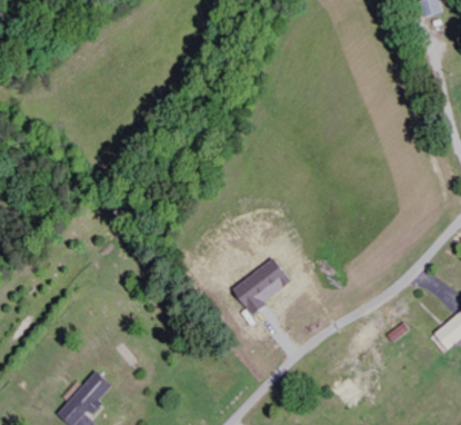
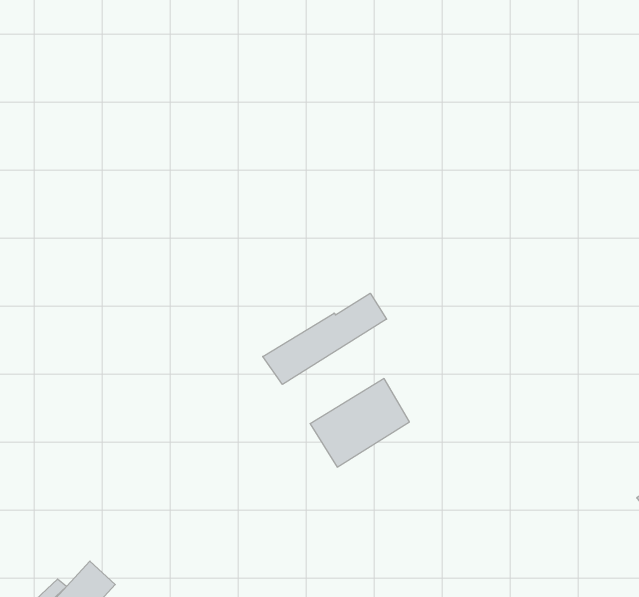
building: none -> [263,293,387,384]

